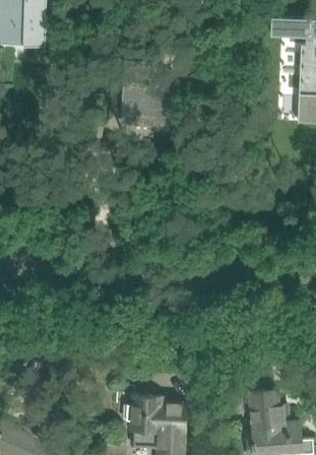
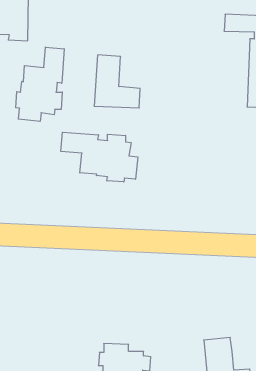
building: none -> [16,47,64,121]
building: none -> [61,132,138,182]

